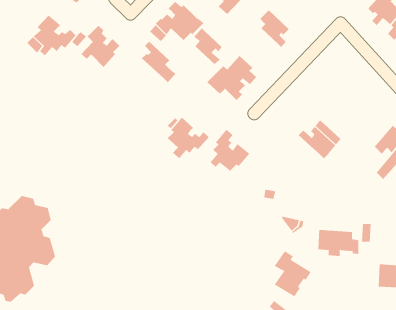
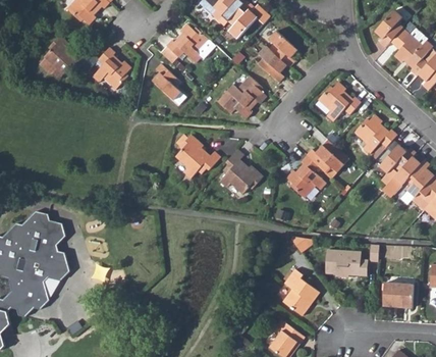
building: [194,27,223,65] -> [258,47,286,84]
building: none -> [322,87,366,126]
building: none -> [353,115,396,154]
building: none -> [285,155,326,198]

